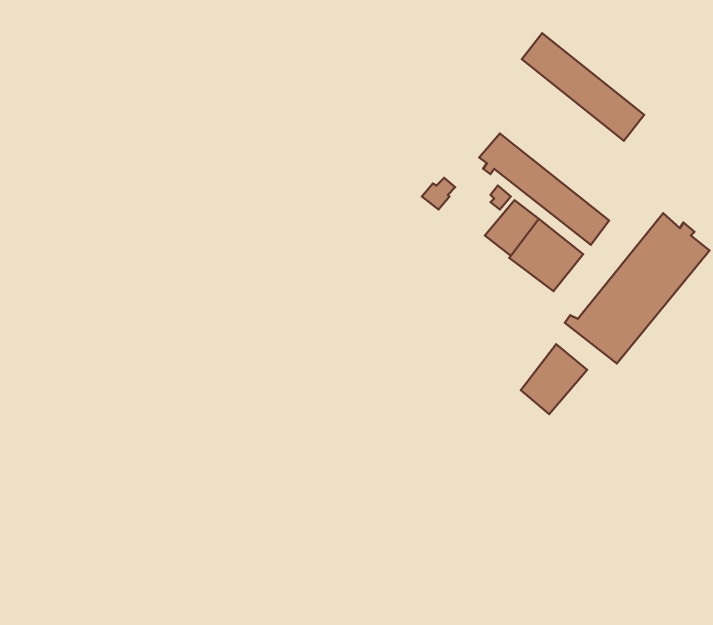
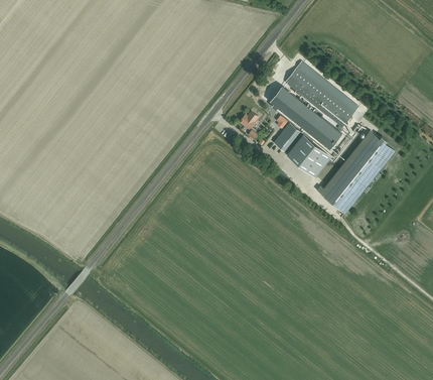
building: [522,33,644,141] -> [287,69,353,127]
building: [521,344,587,414] -> none

